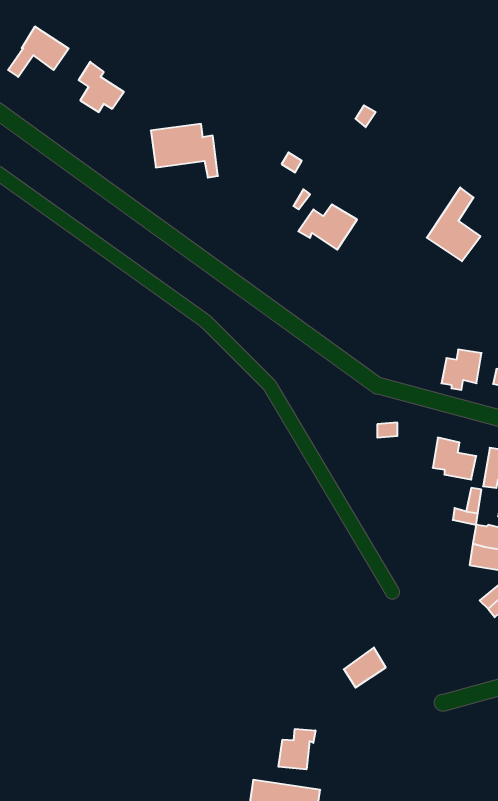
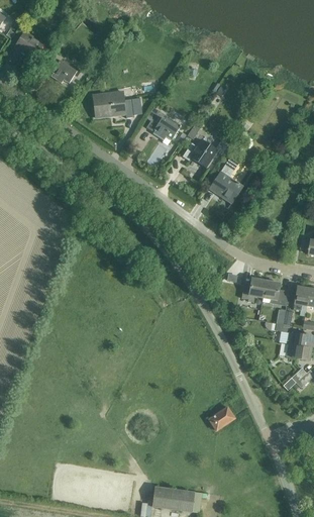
building: none -> [147,111,180,140]
building: [427,187,480,261] -> [210,158,242,202]
building: [441,350,482,390] -> [241,278,266,302]
building: [278,729,315,769] -> none

